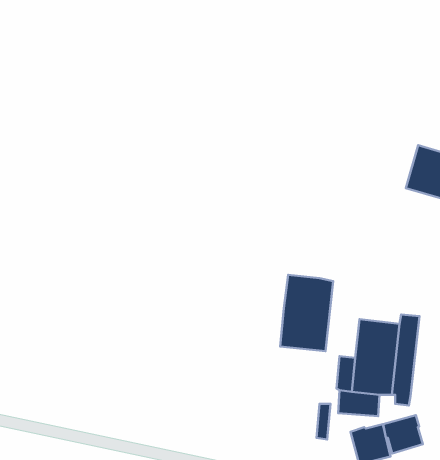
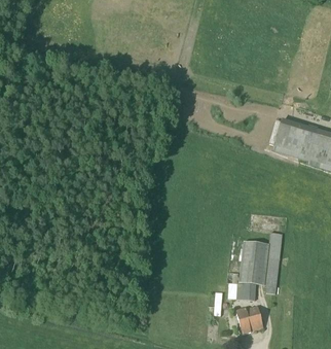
building: [280,275,333,351] -> none
building: [383,415,423,454] -> none

